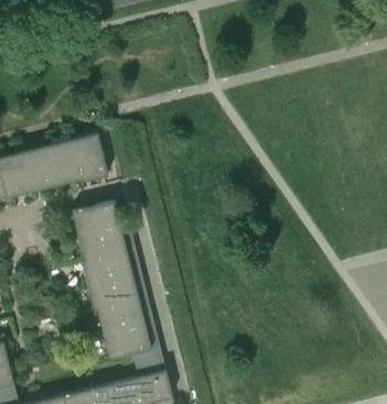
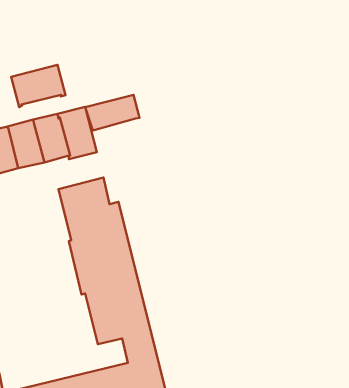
building: none -> [11,65,66,107]
building: none -> [85,95,139,130]

